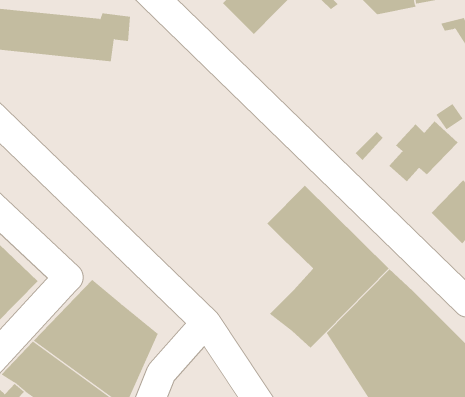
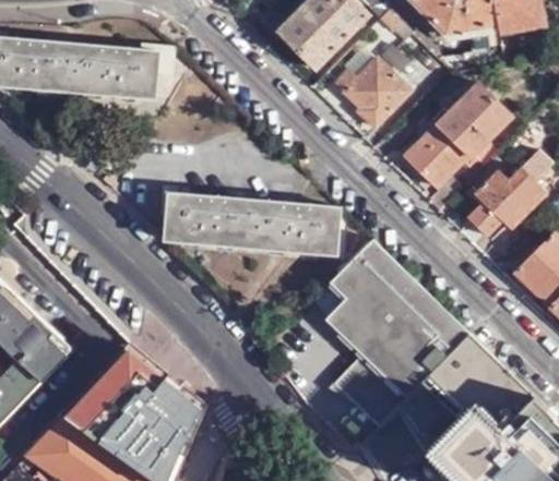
building: none -> [335,58,411,128]
building: none -> [404,82,507,188]
building: none -> [160,187,340,256]
building: none -> [330,300,381,358]

